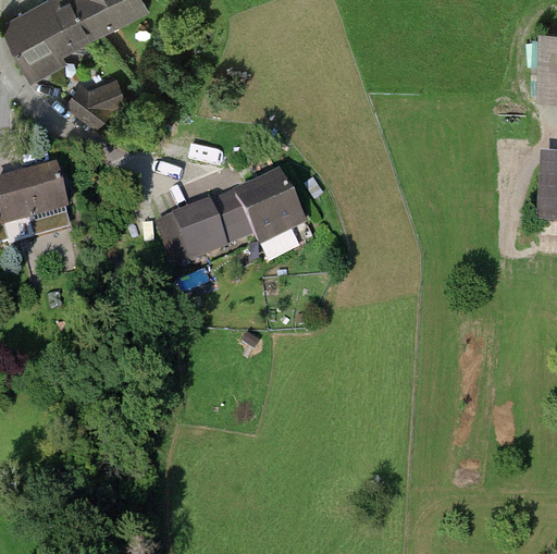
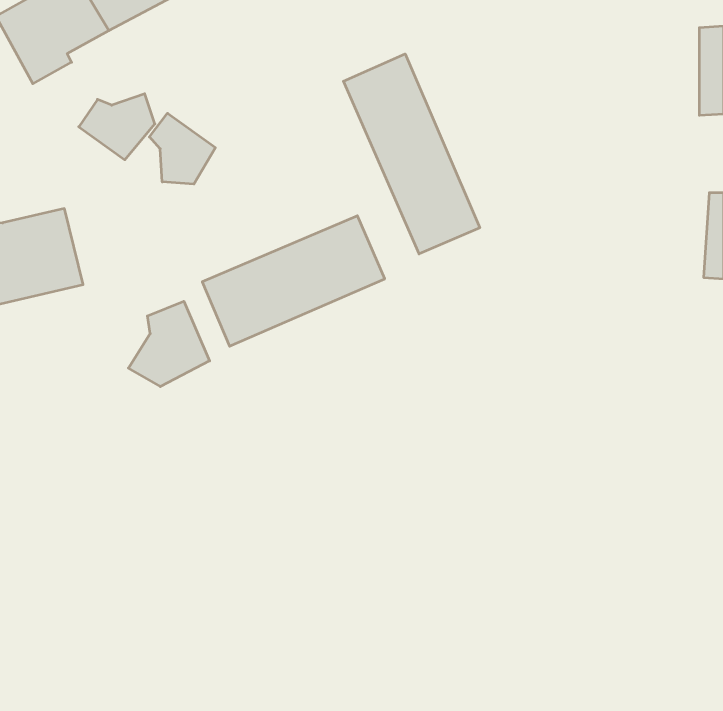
building: none -> [343,54,480,254]
building: none -> [149,113,215,184]
building: none -> [128,301,210,387]

